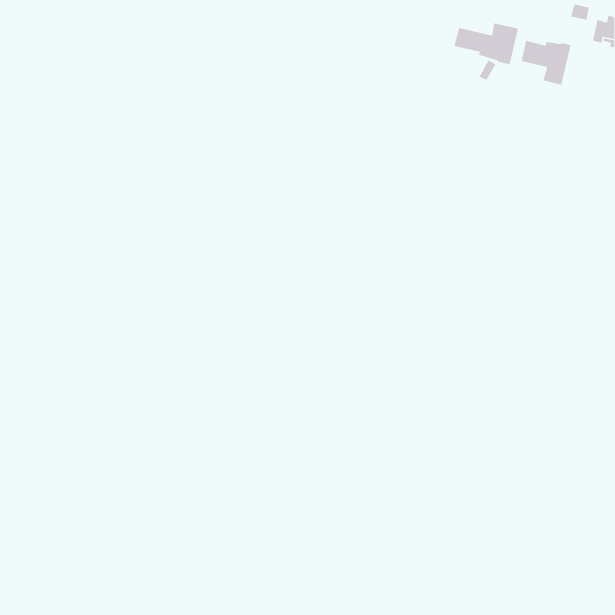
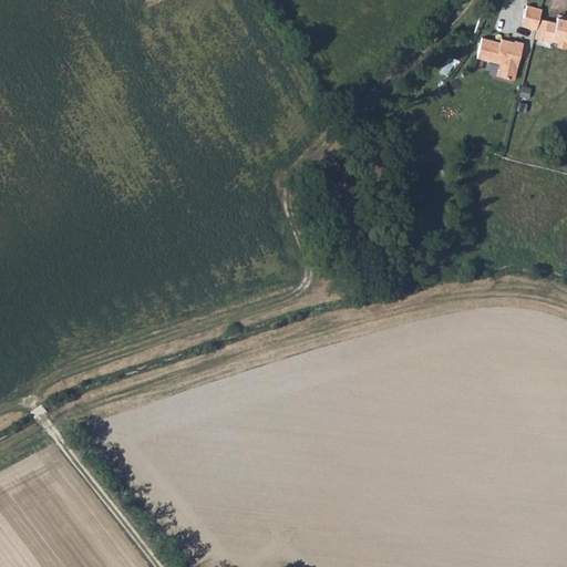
building: [454,22,519,65] -> none

